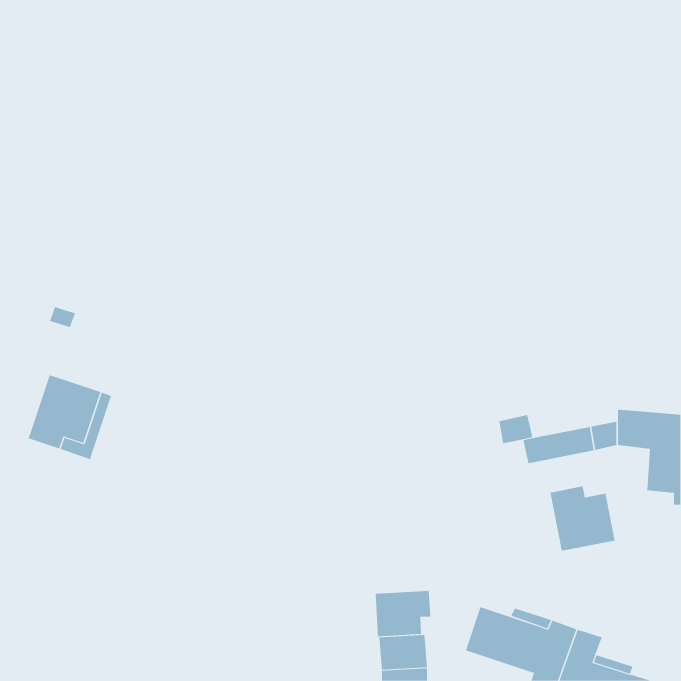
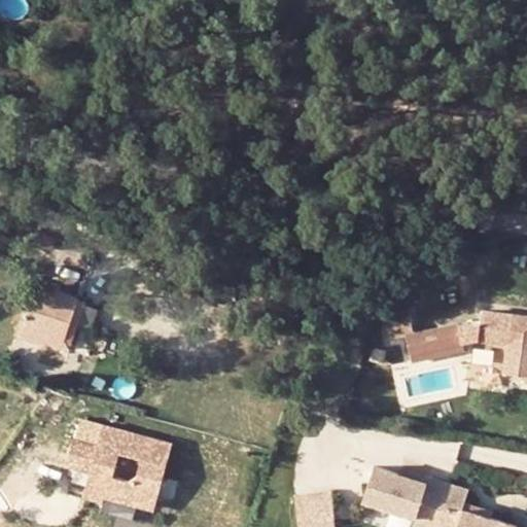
building: [550,486,615,552] -> none
building: none -> [70,427,176,510]
building: [375,590,431,637] -> none

